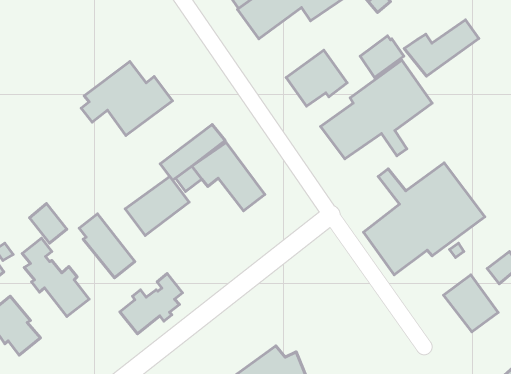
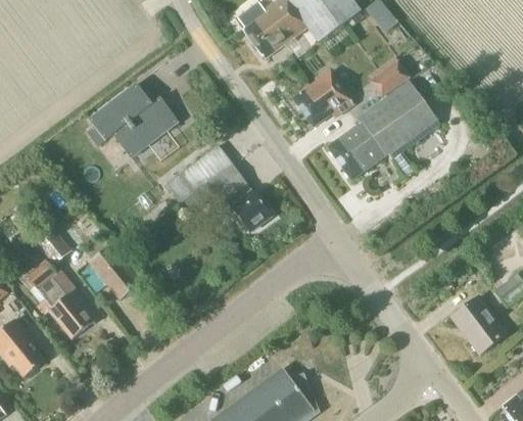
building: [404,20,479,76] -> none
building: [364,163,485,275] -> none
building: [125,177,189,236] -> none
building: [120,273,183,334] -> none

